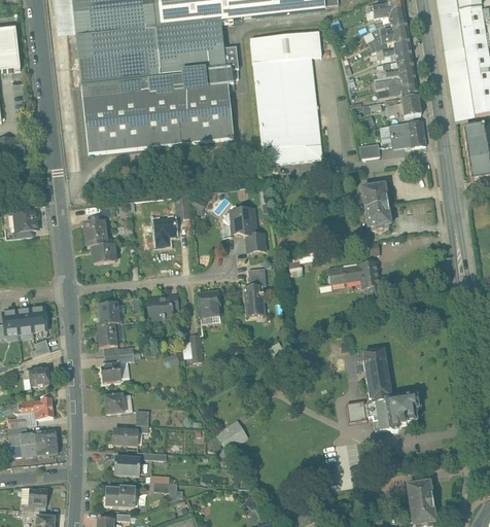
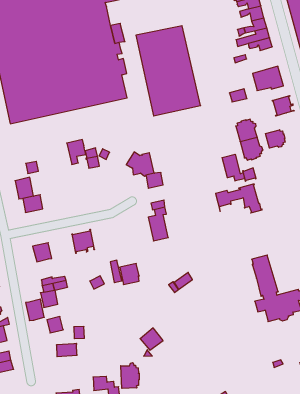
building: [250,31,321,62] -> none
building: [392,95,421,116] -> none
building: none -> [272,96,294,116]
building: none -> [265,130,285,148]
building: [154,215,176,244] -> [67,140,86,164]
building: none -> [222,154,245,181]
building: [198,290,220,314] -> [120,264,139,285]
building: [97,322,117,347] -> [26,299,44,321]
building: [113,455,140,473] -> none
building: none -> [121,363,139,388]

